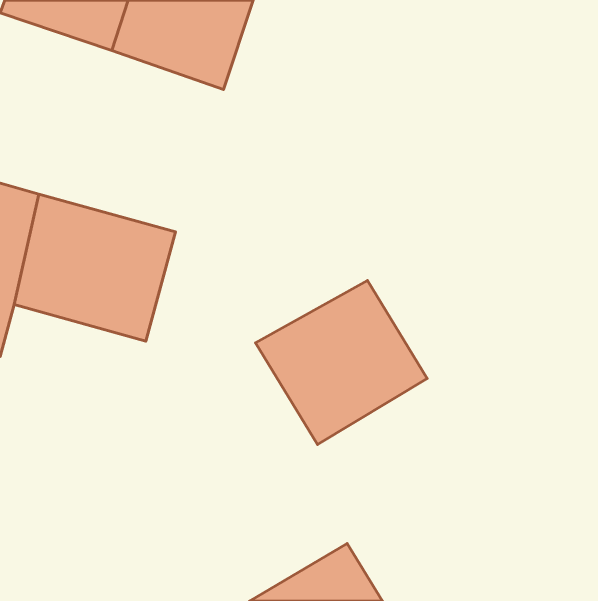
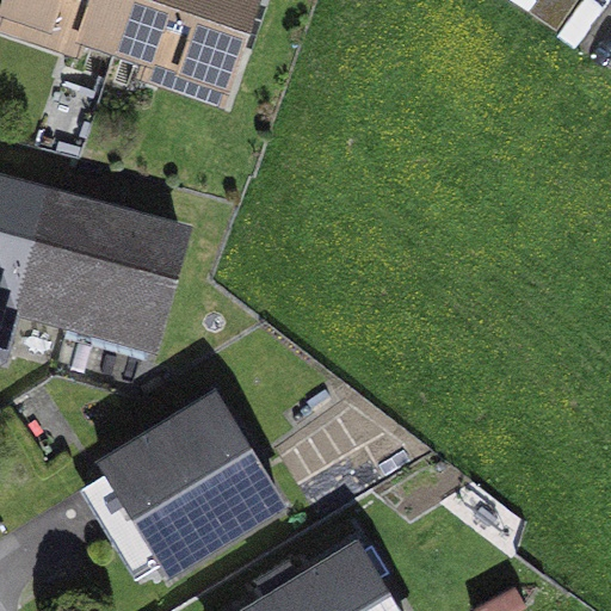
building: [256,281,427,445] -> none
building: none -> [105,401,276,572]

